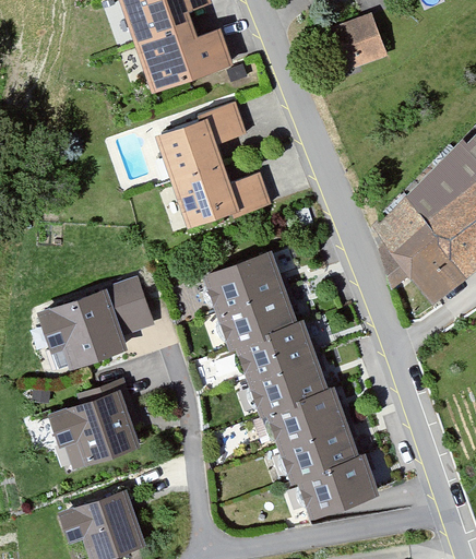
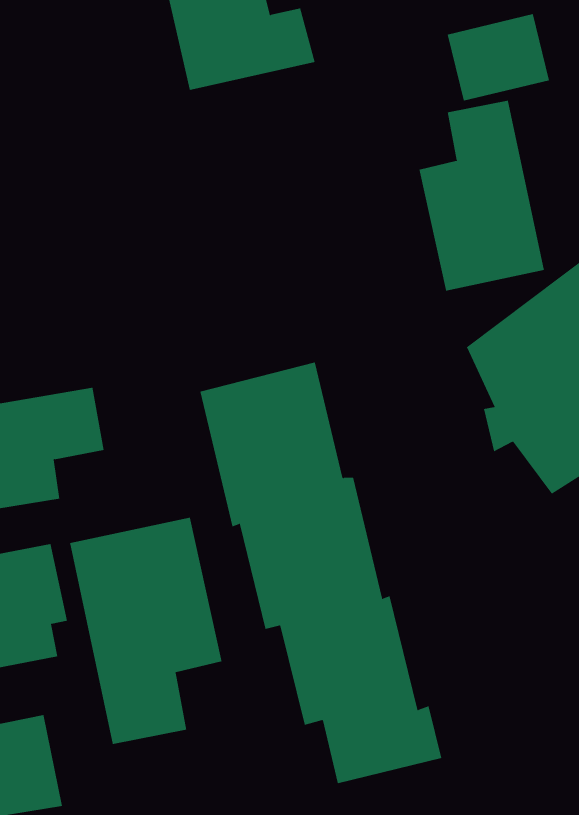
building: none -> [419,100,544,292]
building: [167,102,276,229] -> none
building: none -> [70,517,222,745]

